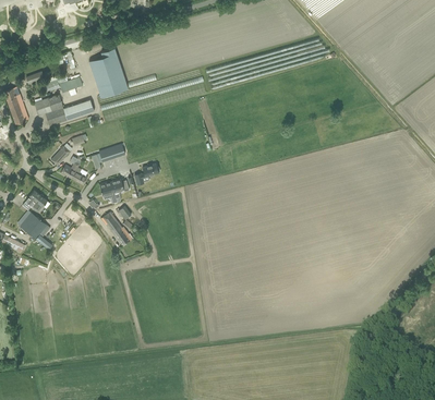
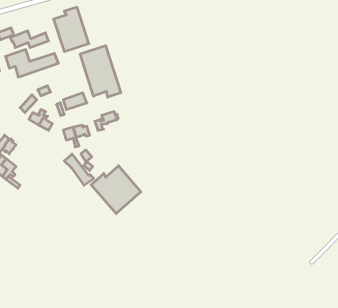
building: none -> [80,46,121,97]
building: none -> [91,166,141,214]

